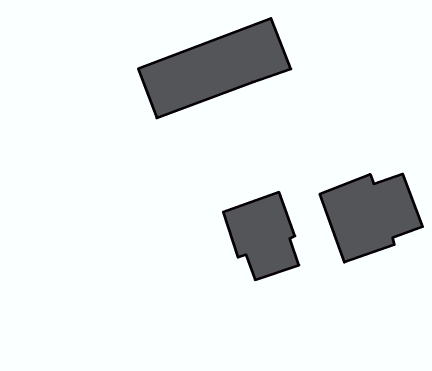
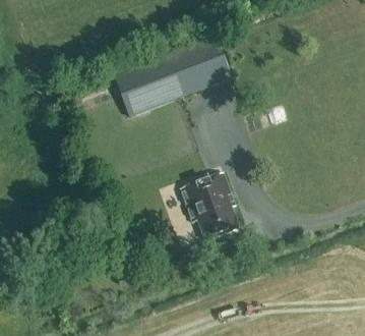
building: [320,174,423,262] -> none

